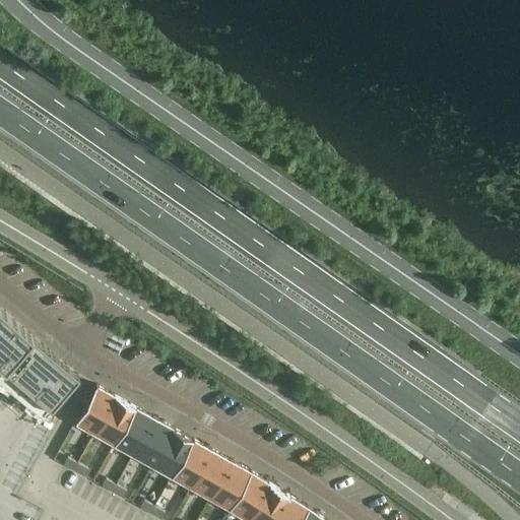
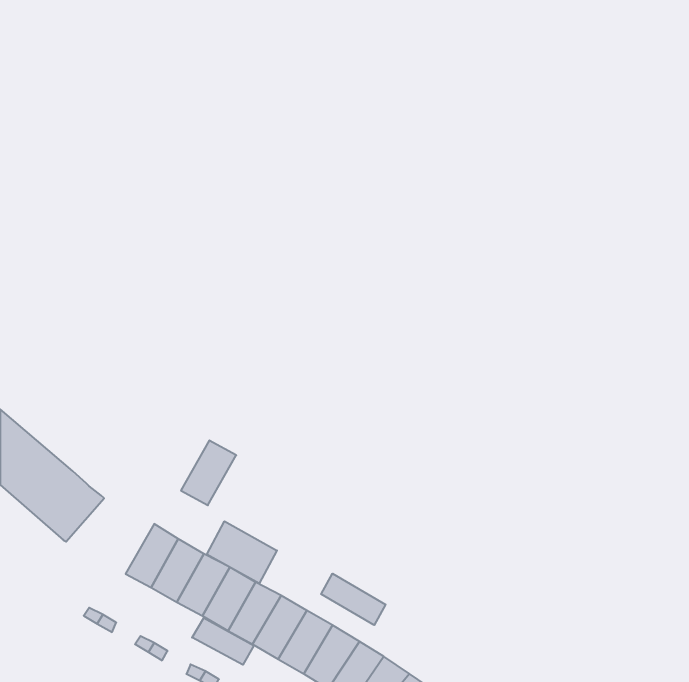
building: [75,389,117,438] -> [181,440,236,505]
building: none -> [207,521,277,584]
building: none -> [321,574,386,625]
building: none -> [192,618,254,665]

